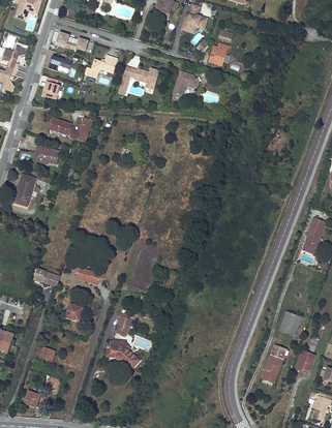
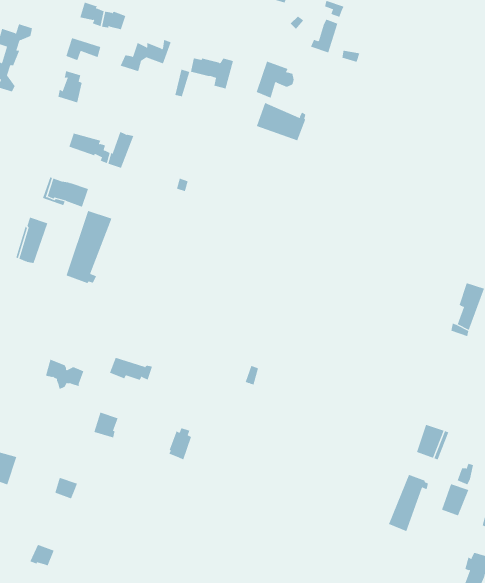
building: none -> [256,102,306,141]
building: none -> [66,210,112,284]
building: [105,339,139,368] -> none

